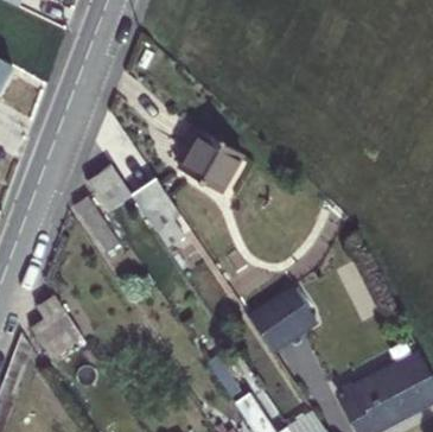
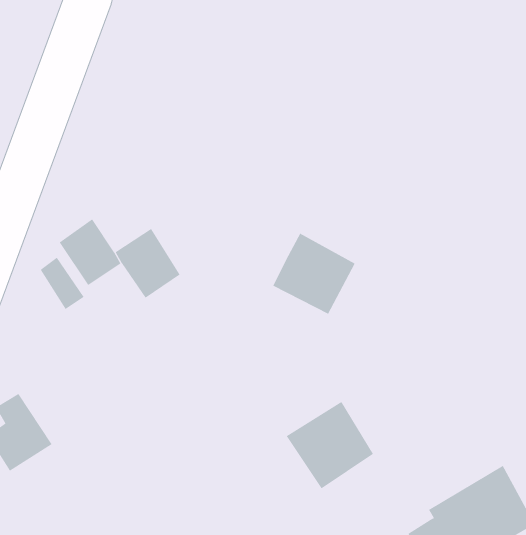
building: [183,134,244,195] -> [273,233,356,315]

